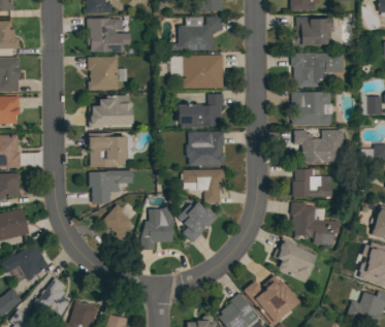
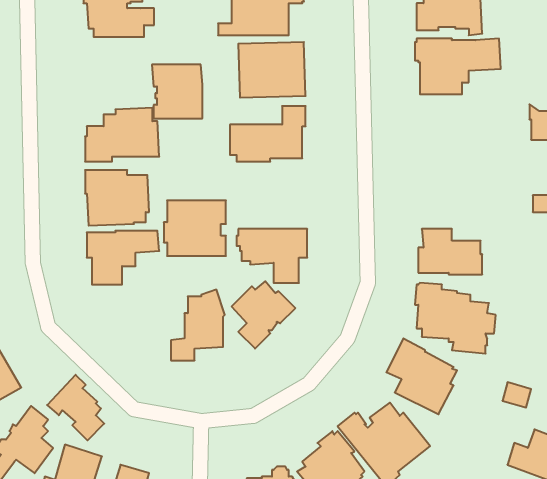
building: [87,57,118,90] -> [152,65,202,118]
building: [291,91,331,126] -> none
building: [292,130,343,163] -> none
building: [186,131,224,165] -> [164,200,226,256]
building: [99,204,134,244] -> [47,375,104,440]

